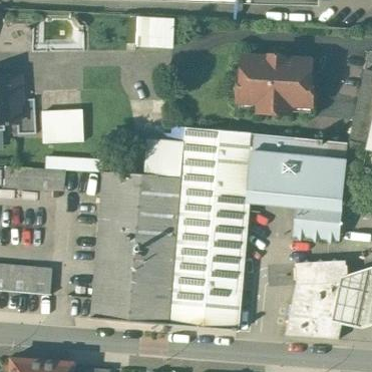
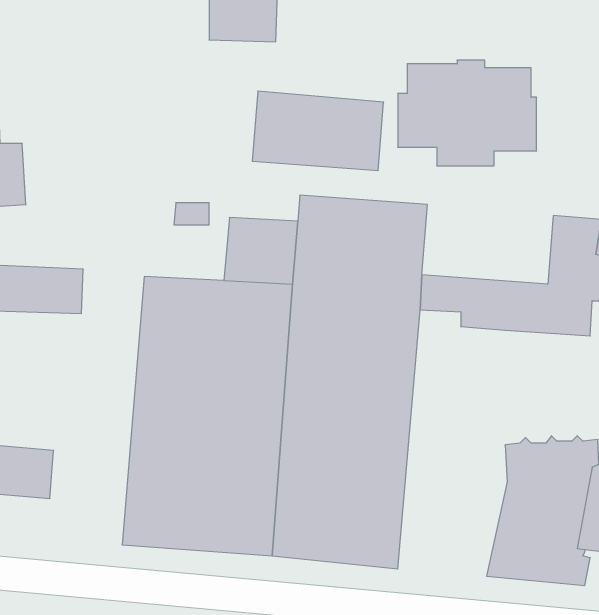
building: [40,109,82,141] -> none
building: [251,132,322,175] -> [252,91,384,171]
building: [294,201,342,243] -> none

